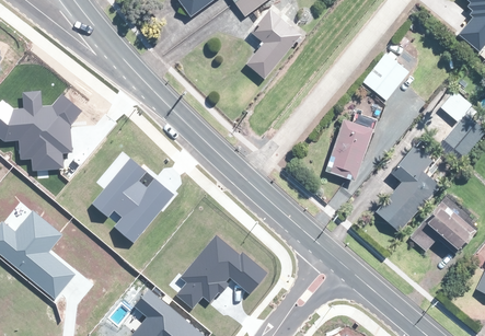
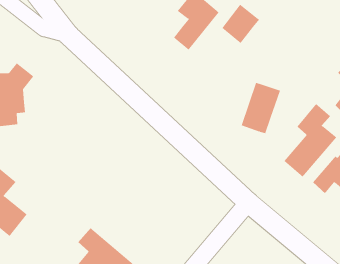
building: [363,50,409,97] -> [221,4,260,44]
building: [91,157,173,242] -> none
building: [175,234,266,308] -> none

